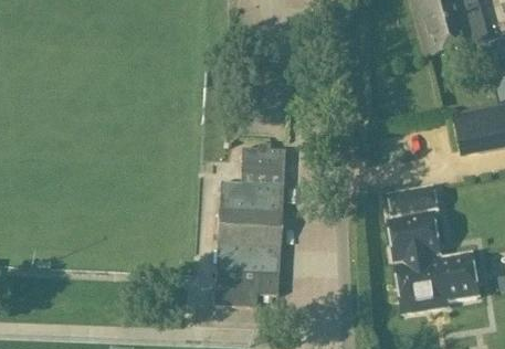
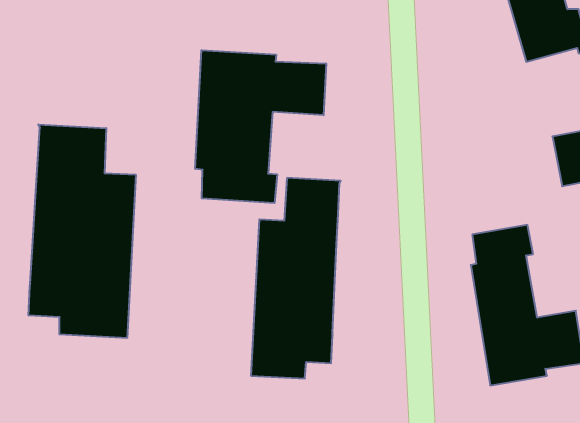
building: none -> [195,50,326,203]
building: none -> [28,124,136,338]

